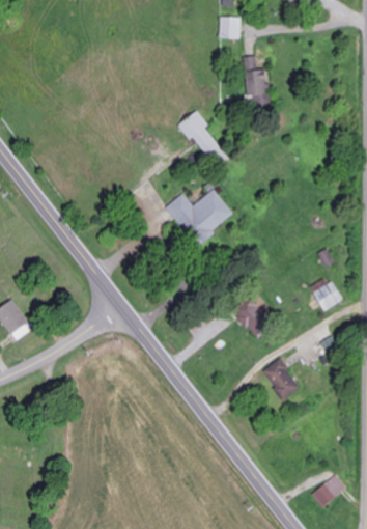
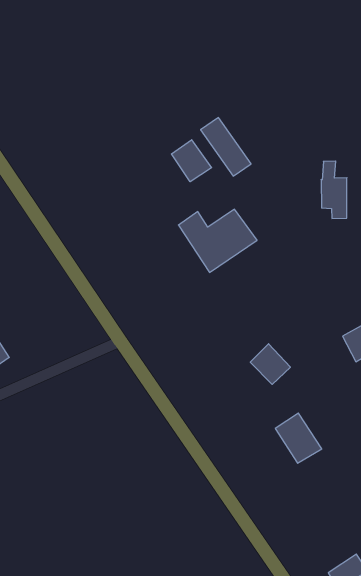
building: [218,16,239,38] -> none
building: [244,55,267,104] -> [321,161,347,218]
building: none -> [171,140,212,182]

